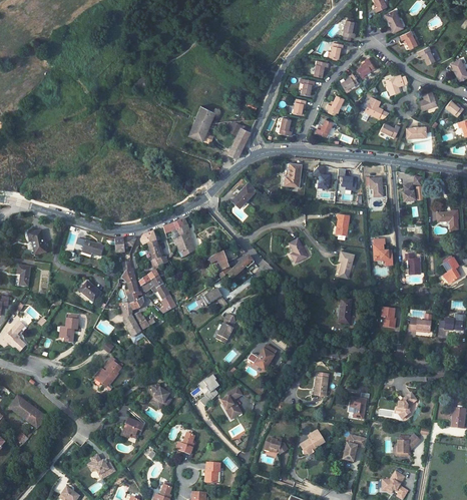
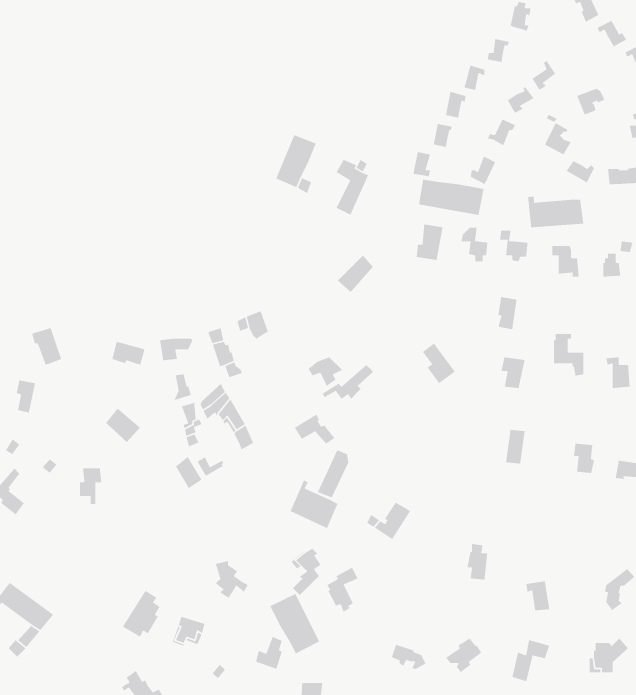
building: none -> [418,179,485,216]
building: none -> [527,196,584,228]
building: [175,217,195,256] -> none
building: none -> [290,480,338,529]
building: [96,356,121,387] -> [122,590,160,638]
building: none -> [269,593,320,654]

